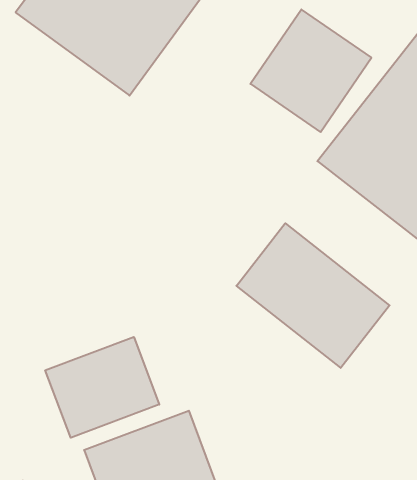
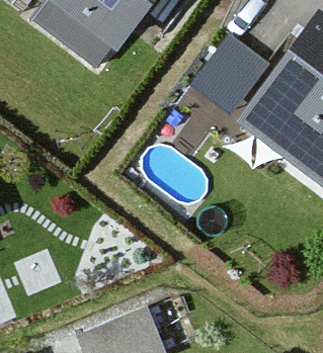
building: [236,223,390,368] -> none
building: [45,337,159,438] -> none

